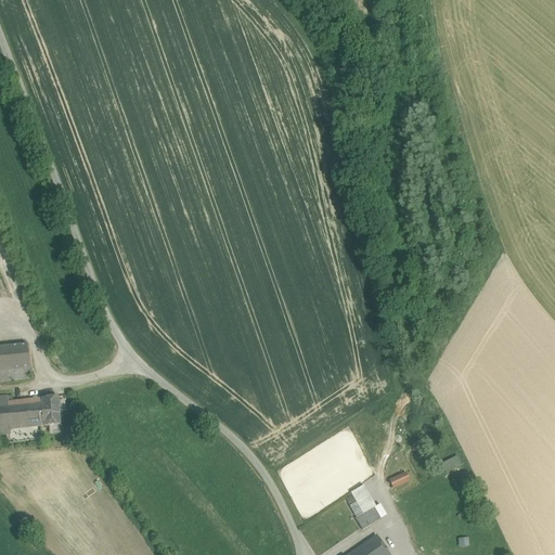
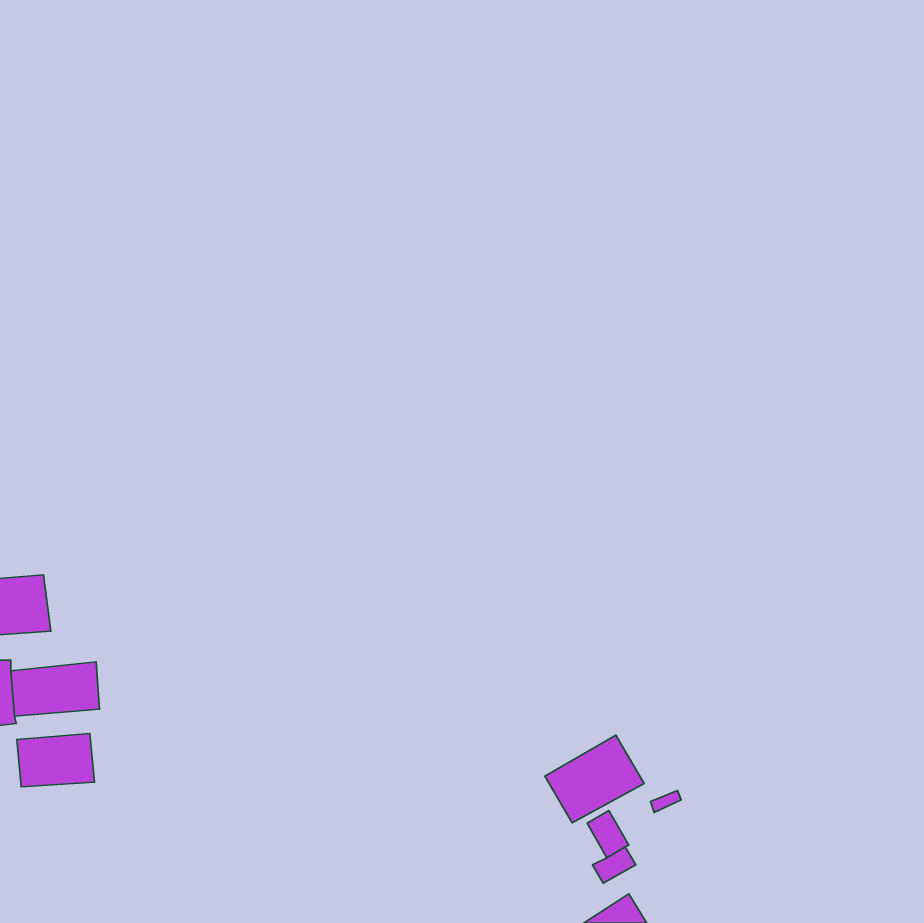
building: none -> [17,733,94,787]
building: none -> [545,735,644,823]

